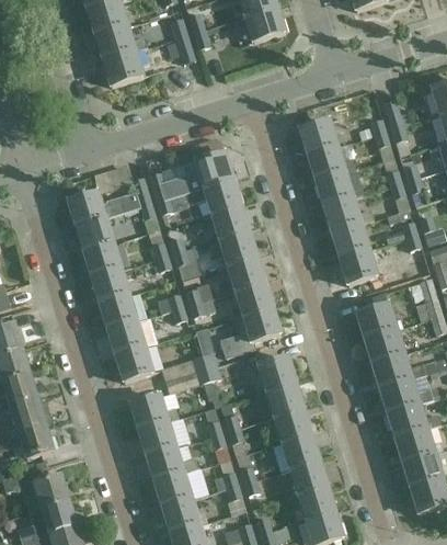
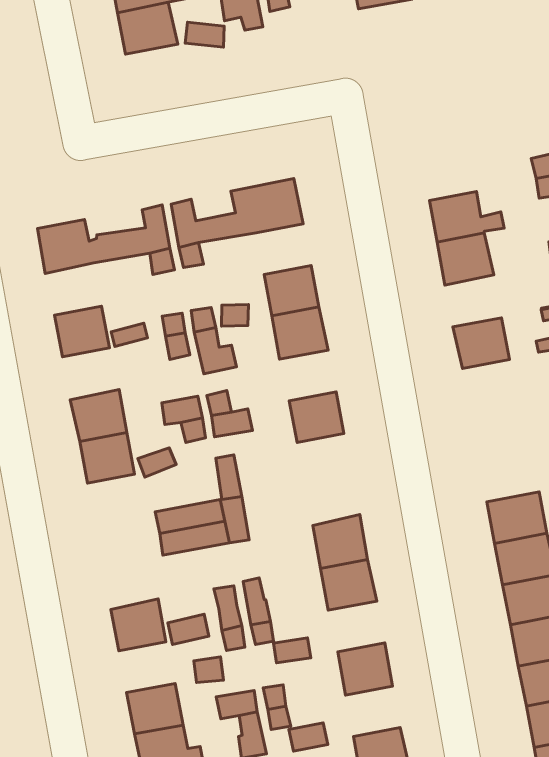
building: [300,120,337,156] -> none
building: [204,179,240,213] -> none
building: [324,197,373,232] -> none
building: [76,217,113,252] -> none
building: [341,249,385,285] -> none
building: [227,256,264,289] -> none
building: [92,269,129,304] -> none
building: [357,304,397,339] -> none
building: [219,306,279,359] -> none
building: [116,345,153,382] -> none
building: [130,395,168,431] -> none
building: [274,408,311,442] -> none
building: [147,447,194,481] -> none
building: [290,459,326,493] -> none

